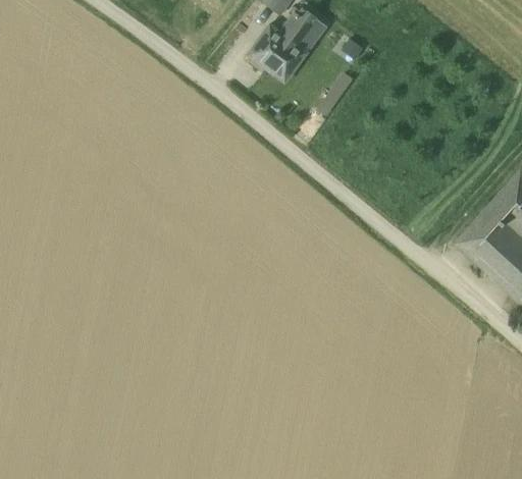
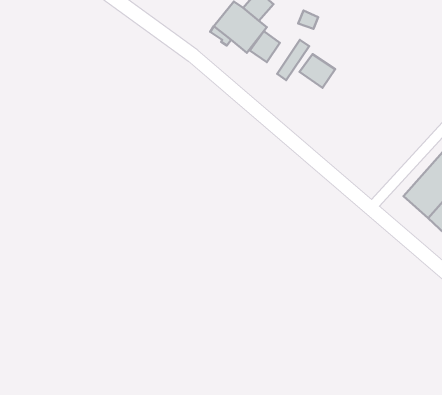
building: none -> [250,31,280,62]
building: none -> [300,54,335,88]

